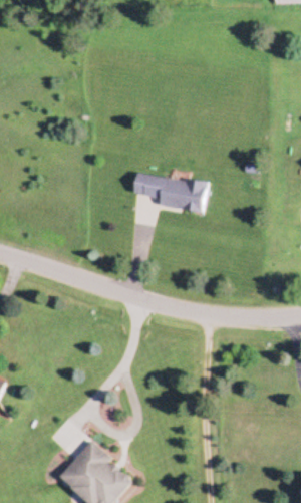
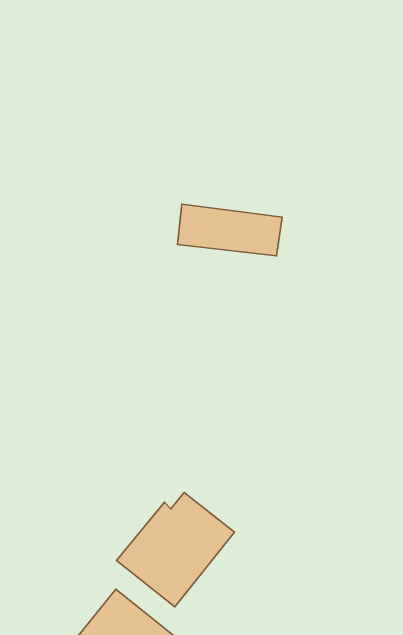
building: none -> [117,492,234,607]

